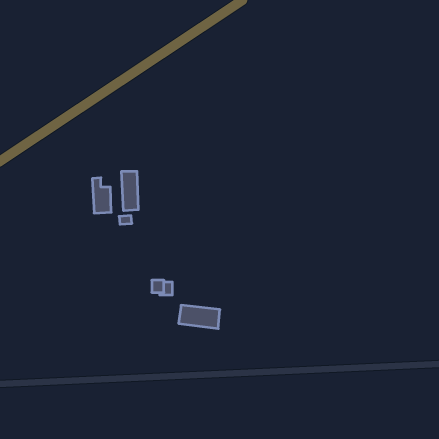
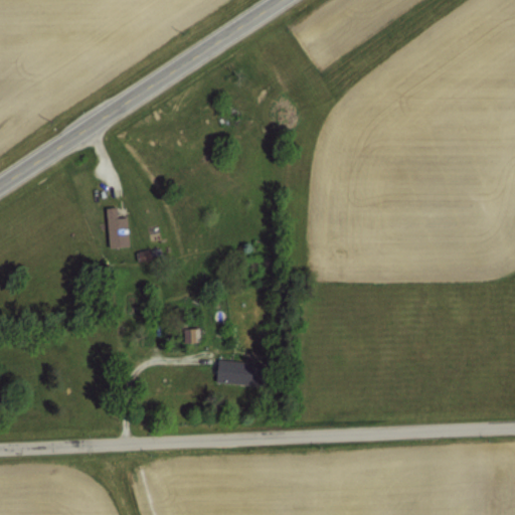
building: [122,171,138,211] -> none

